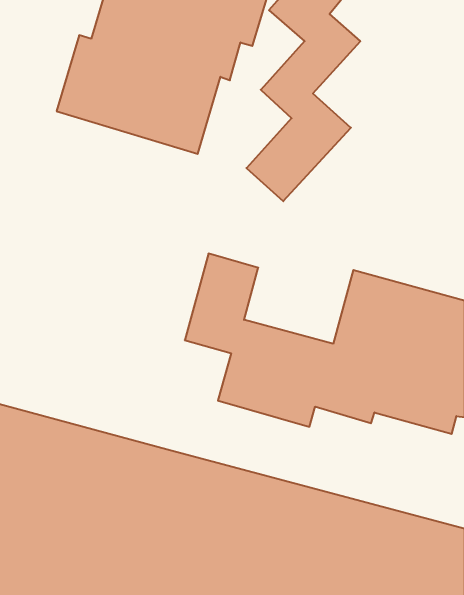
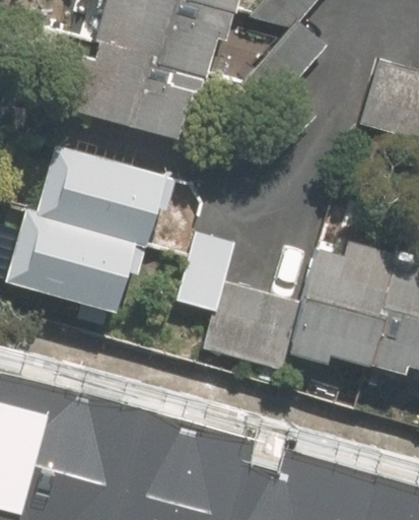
building: none -> [19,147,173,303]

